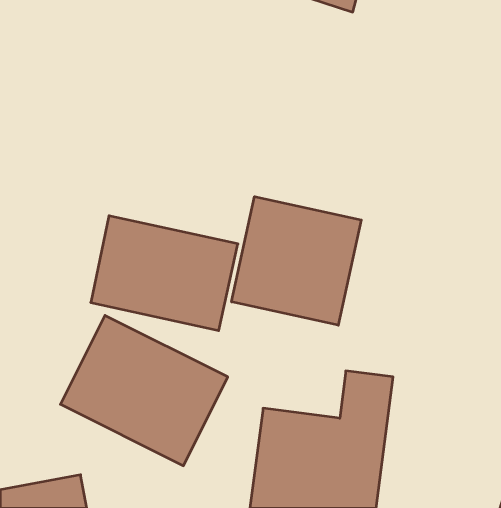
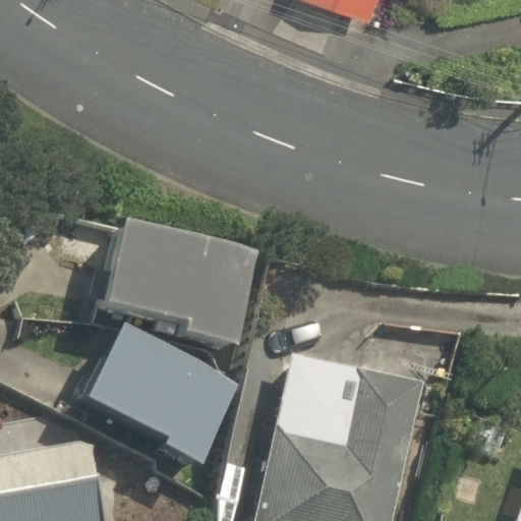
building: [232,197,361,325] -> none

